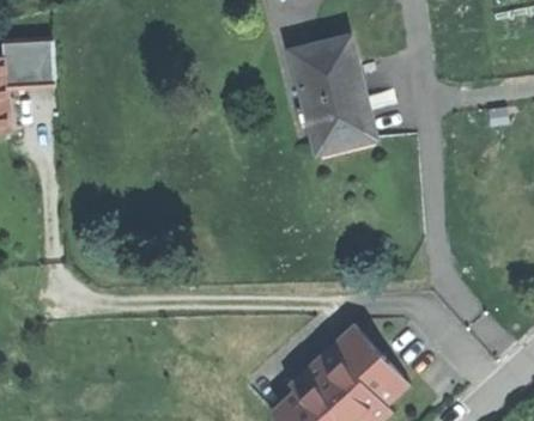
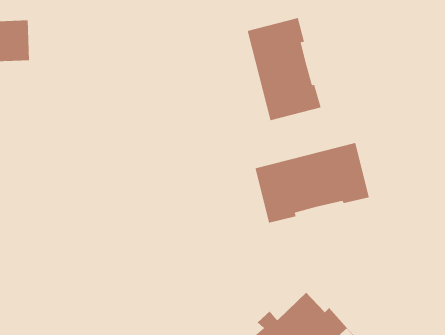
building: none -> [255,142,370,223]

